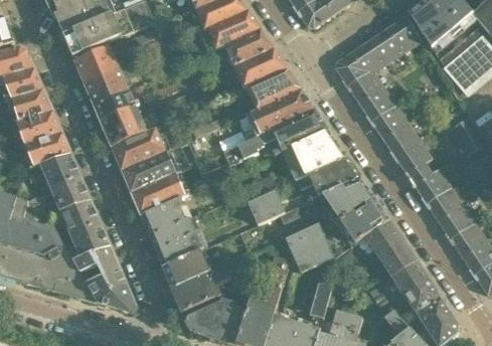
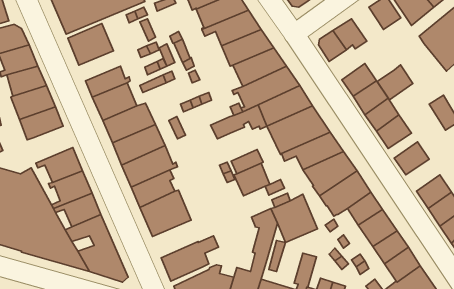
building: [369,28,402,63] -> none
building: [346,67,383,104] -> [377,65,413,100]
building: [87,73,130,105] -> none
building: [39,152,80,190] -> none
building: [426,186,461,219] -> none
building: [163,250,210,289] -> none

